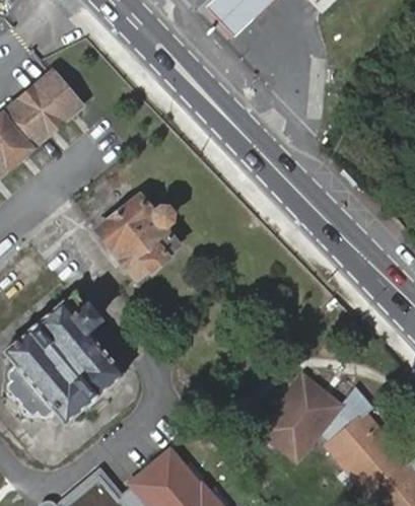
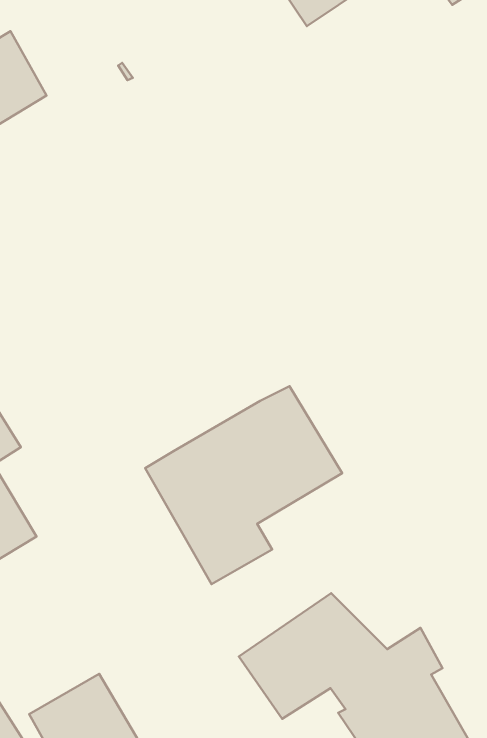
building: [96,193,182,280] -> none
building: none -> [145,386,342,584]

